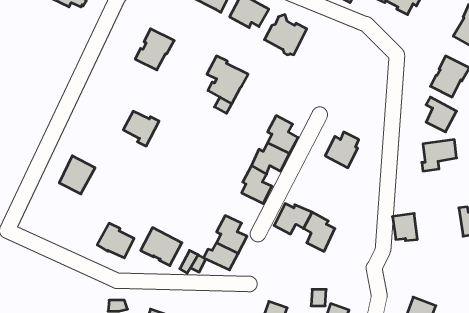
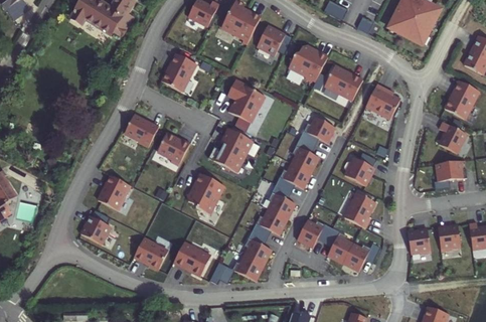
building: none -> [325,65,363,101]
building: none -> [366,84,400,120]
building: none -> [125,115,160,148]
building: none -> [300,117,335,146]
building: none -> [209,129,253,172]
building: none -> [188,174,226,214]
building: none -> [345,193,375,228]
building: none -> [253,209,288,237]
building: none -> [84,211,114,246]
building: none -> [438,224,461,251]
building: none -> [344,243,381,272]

